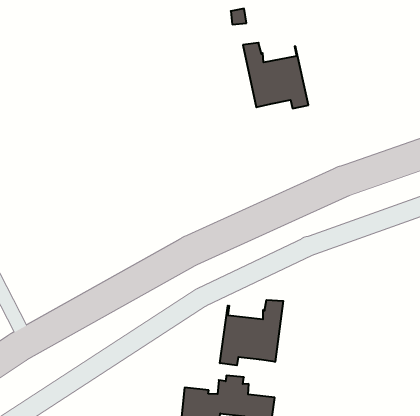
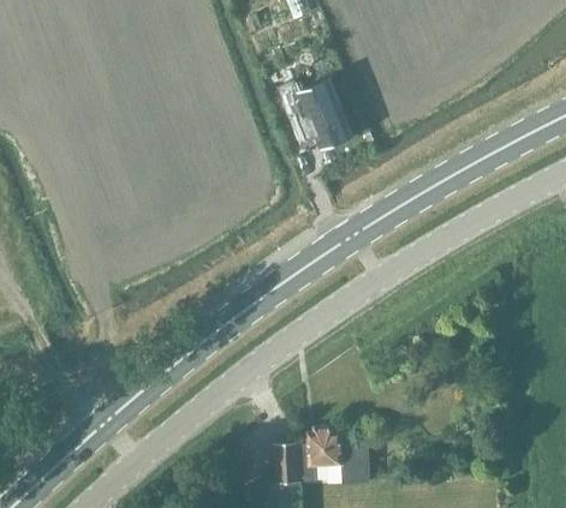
building: [220,300,283,365] -> none

